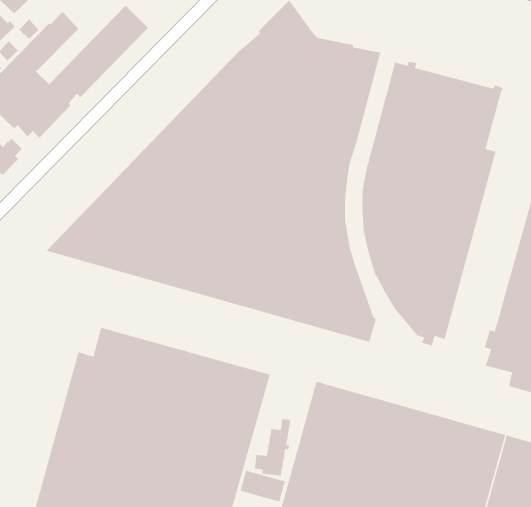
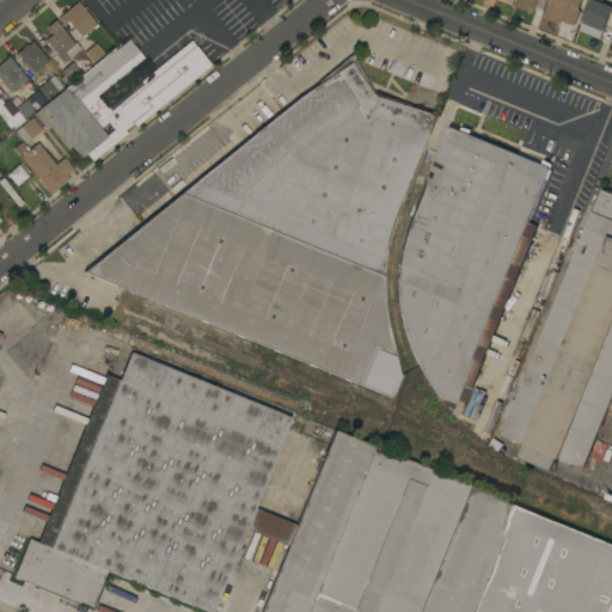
building: [254,418,291,477] -> none

